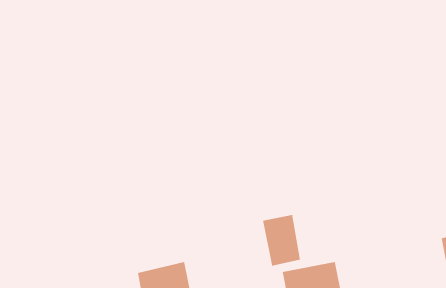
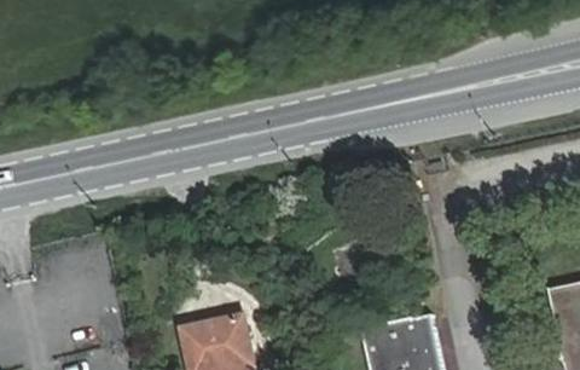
building: [263,214,301,267] -> none

